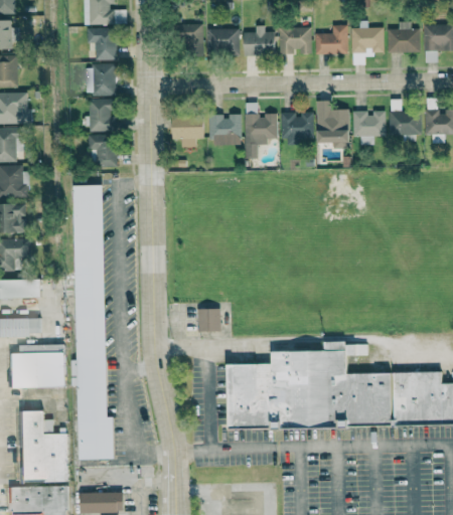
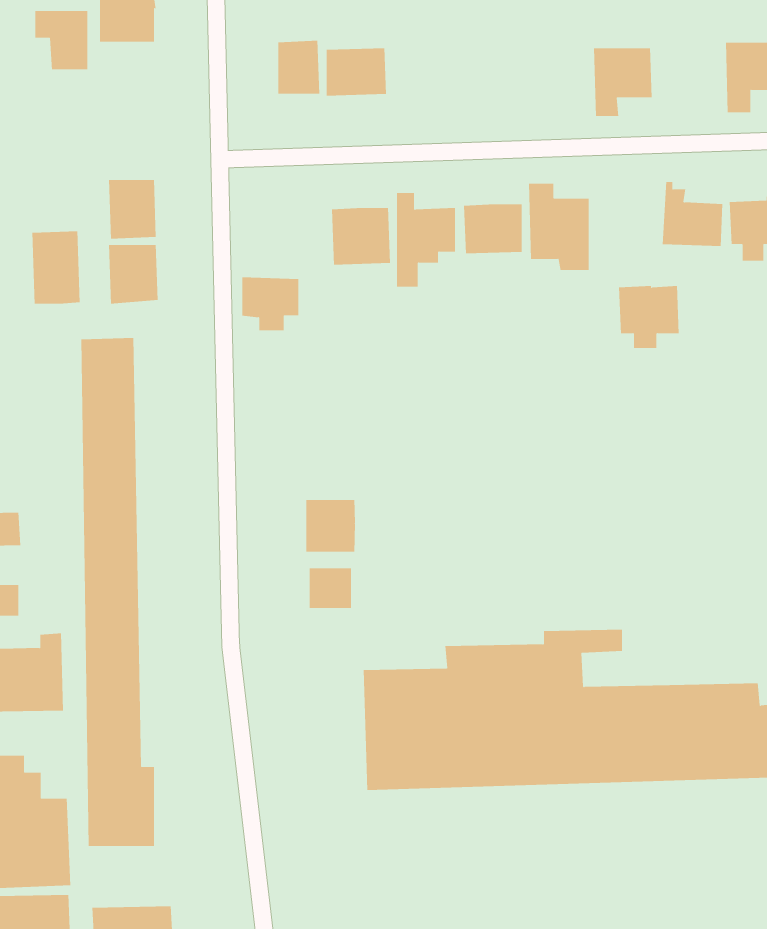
building: [387,21,420,51] -> none
building: [315,24,347,53] -> none
building: [244,25,275,53] -> none
building: [279,26,311,54] -> none
building: [87,27,116,59] -> [34,10,88,70]
building: [86,63,115,96] -> none
building: [352,110,386,144] -> [618,285,680,349]
building: [172,117,203,146] -> [242,277,299,331]
building: none -> [32,231,80,305]
building: none -> [306,499,355,552]

